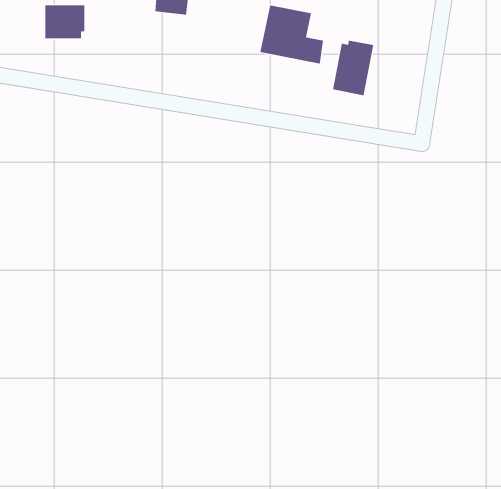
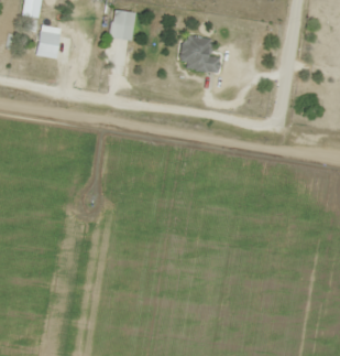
building: [332,40,374,96] -> none

